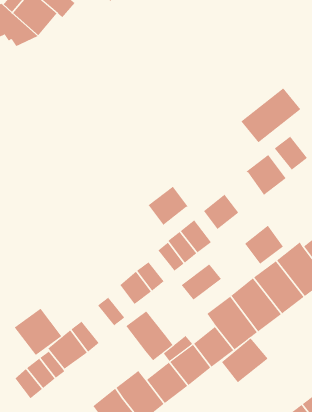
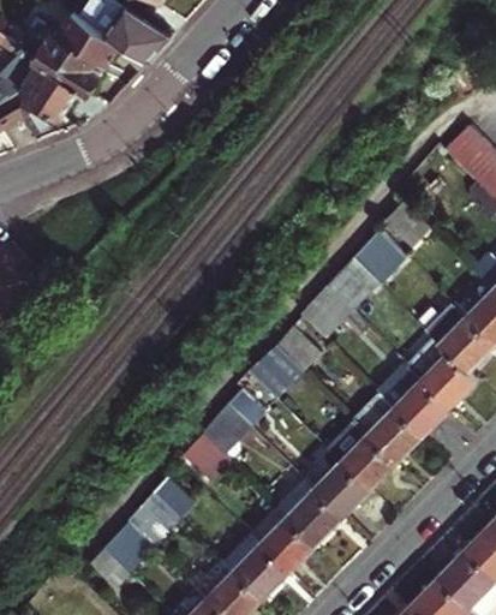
building: [240,87,301,143] -> none
building: [148,186,188,226] -> none
building: [244,225,284,265] -> [328,257,380,310]
building: [181,263,222,300] -> none
building: [14,308,62,356] -> none
building: [125,310,173,361] -> none
building: [221,338,269,383] -> none

